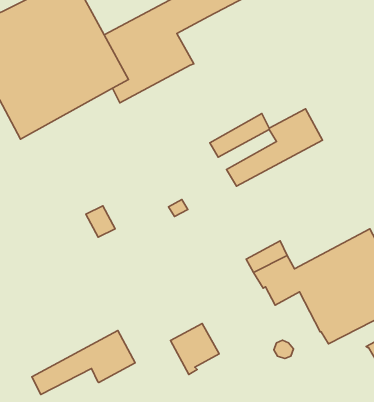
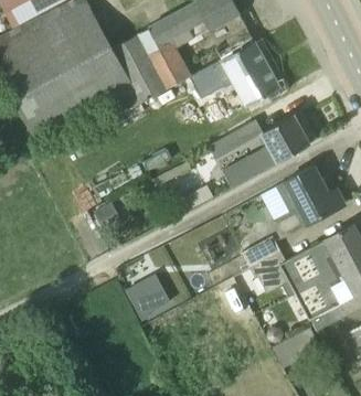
building: none -> [190,42,280,107]
building: none -> [272,167,343,239]
building: [171,324,219,374] -> [126,275,170,321]
building: [32,331,135,395] -> none

